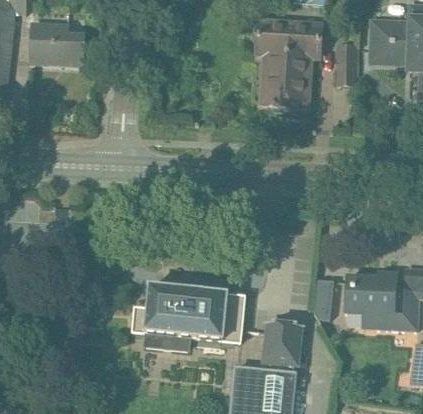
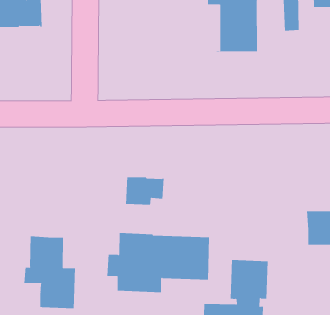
building: none -> [125,176,164,206]
building: [316,277,336,318] -> none
building: none -> [24,235,75,309]

